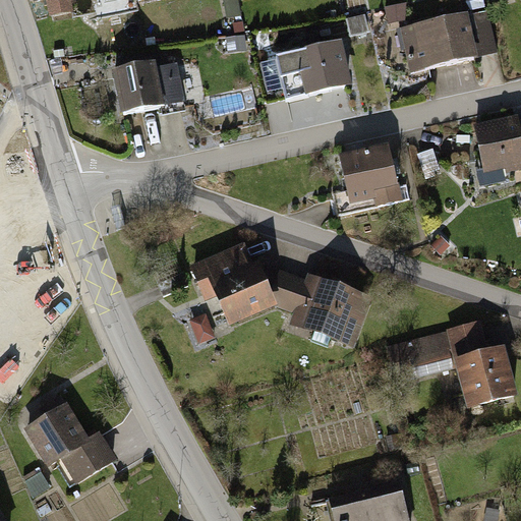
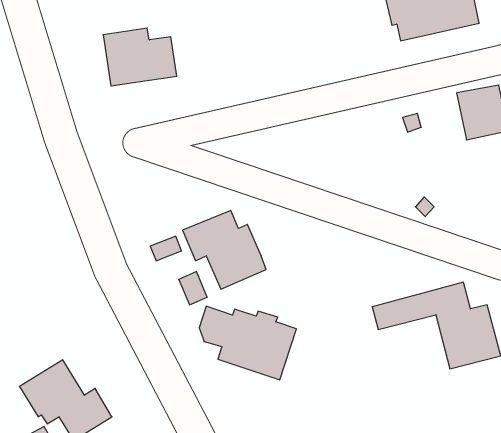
building: [277,40,350,101] -> none
building: [337,140,402,204] -> none
building: [271,271,371,347] -> [199,306,296,380]

